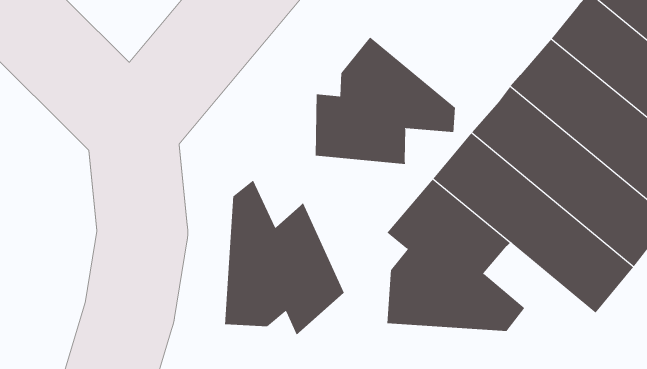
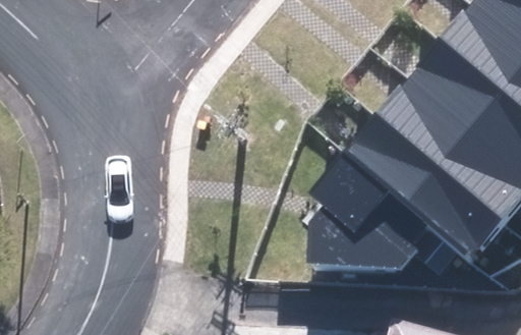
building: [315,37,455,165] -> none
building: [224,179,345,336] -> none

